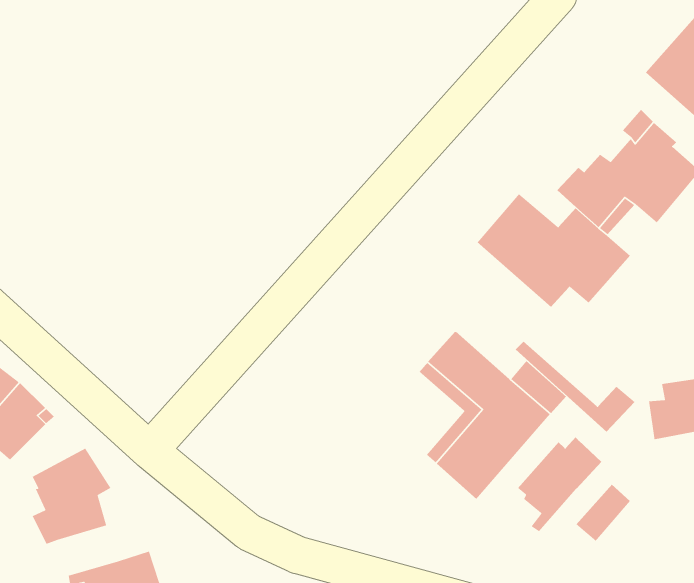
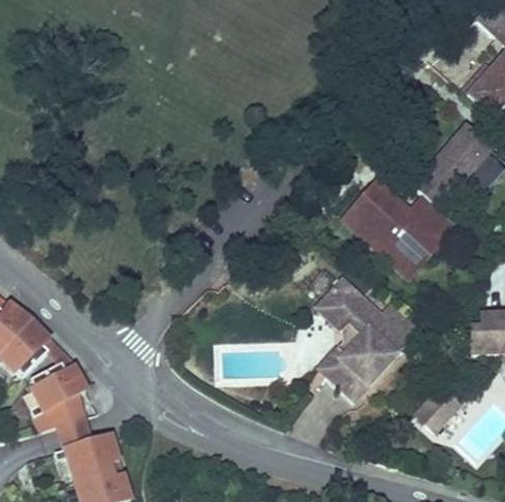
building: [515,341,635,432] -> [343,215,429,280]
building: [517,437,602,532] -> none
building: none -> [52,416,94,451]

